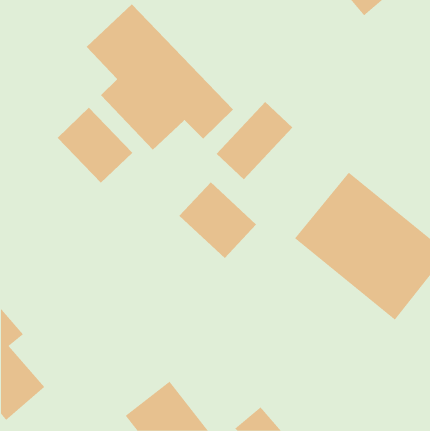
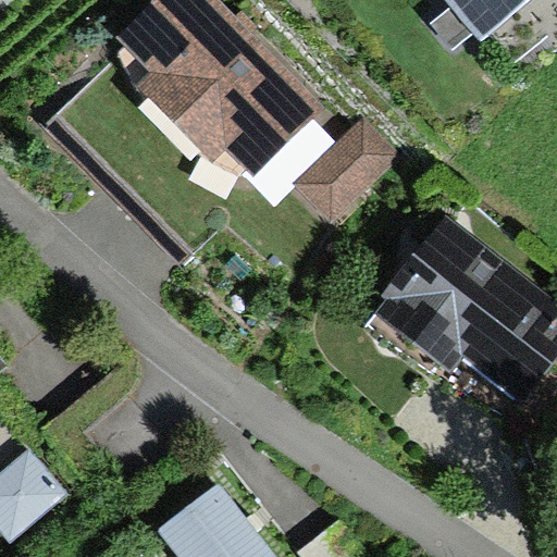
building: [57,107,133,184] -> none
building: [179,181,257,259] -> none

